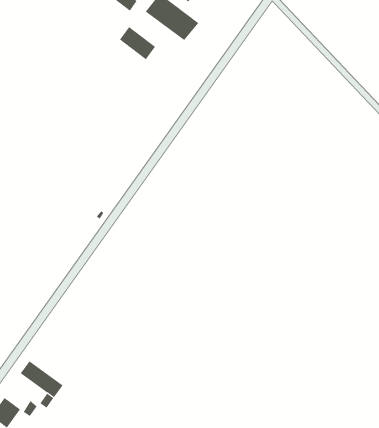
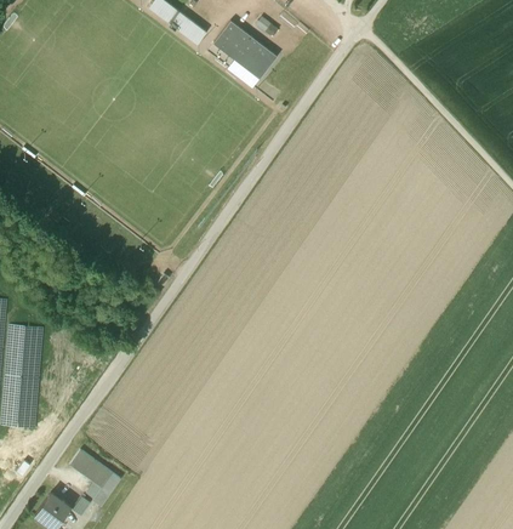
building: [119,26,156,60] -> none

